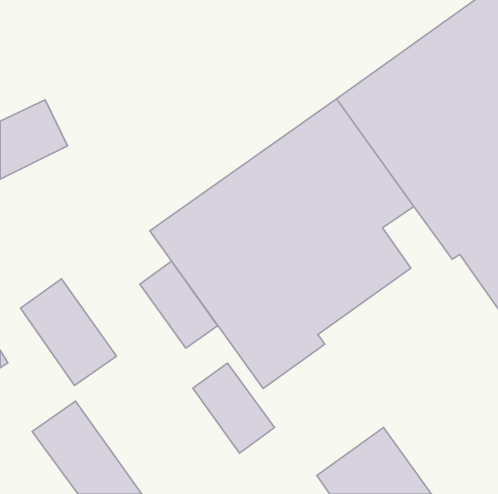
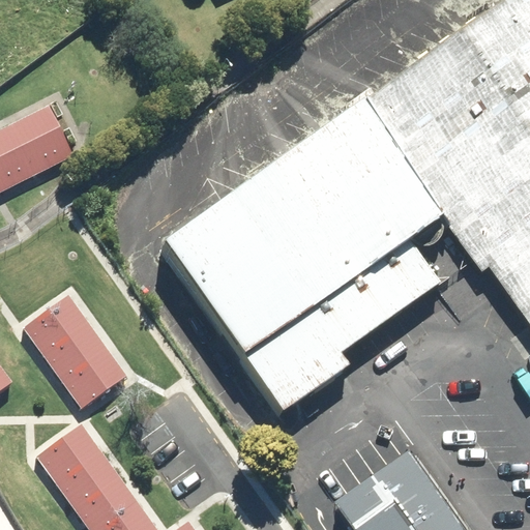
building: [140,261,217,348] -> none
building: [193,363,275,453] -> none

